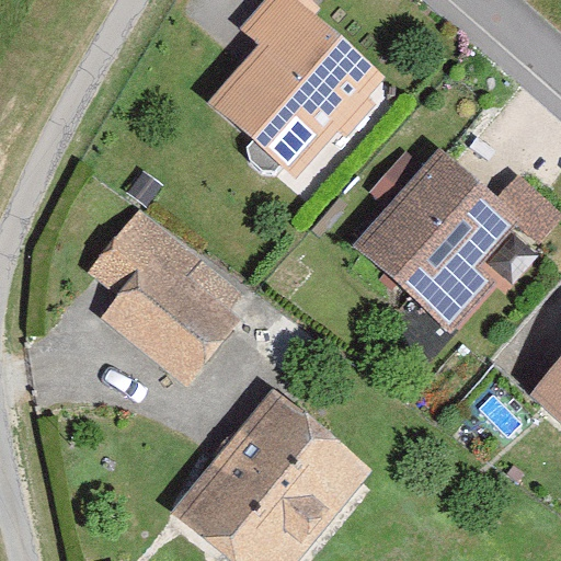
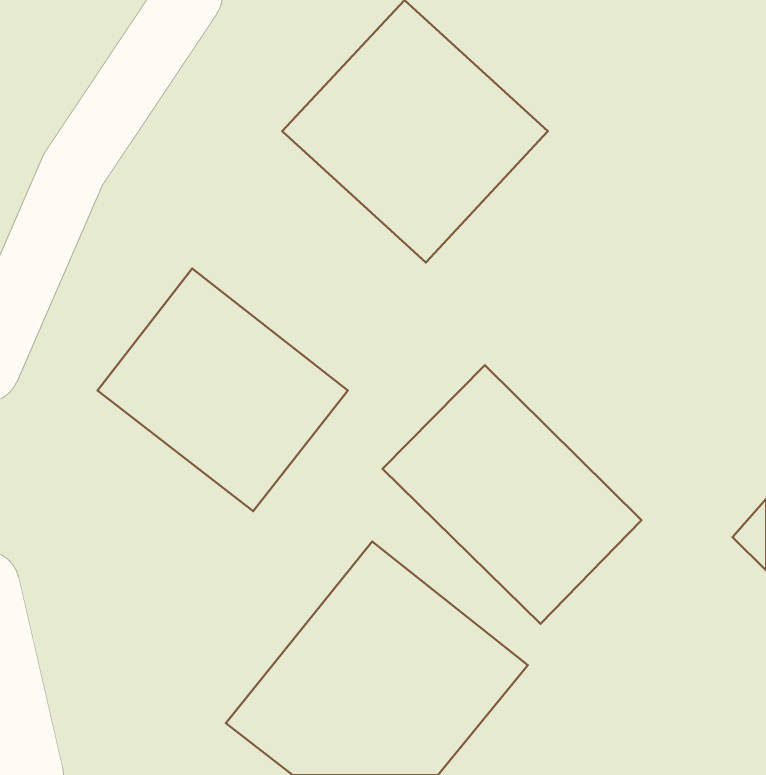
building: [356,149,541,333] -> none
building: none -> [382,365,642,624]

